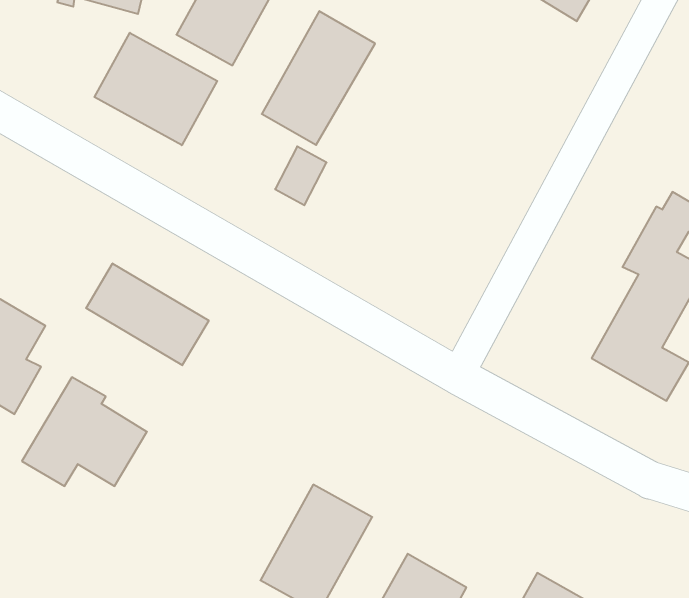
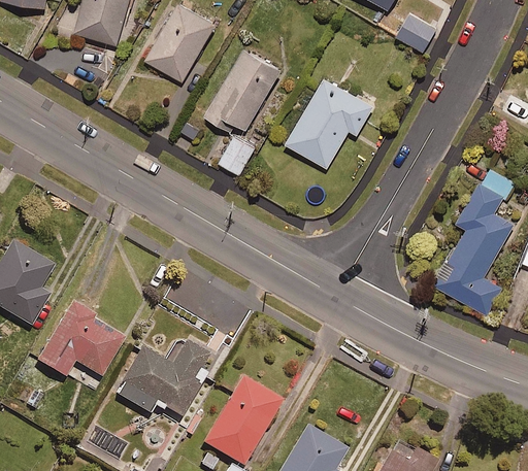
building: [94,33,217,145] -> none
building: none -> [285,75,375,168]
building: [86,263,209,365] -> none
building: none -> [116,338,207,416]

